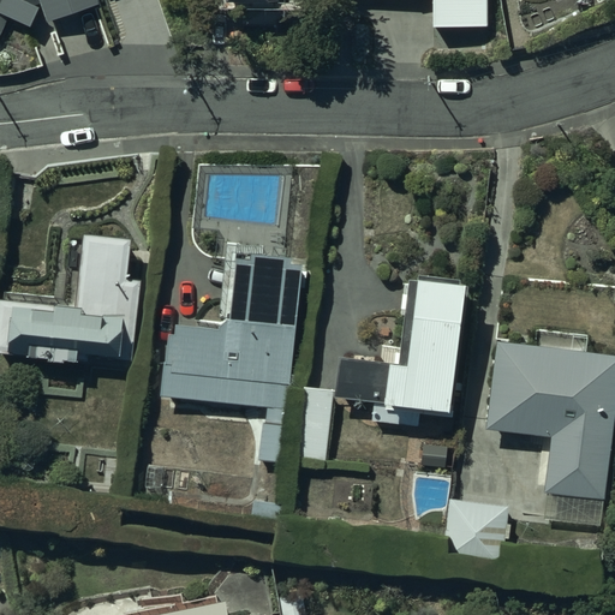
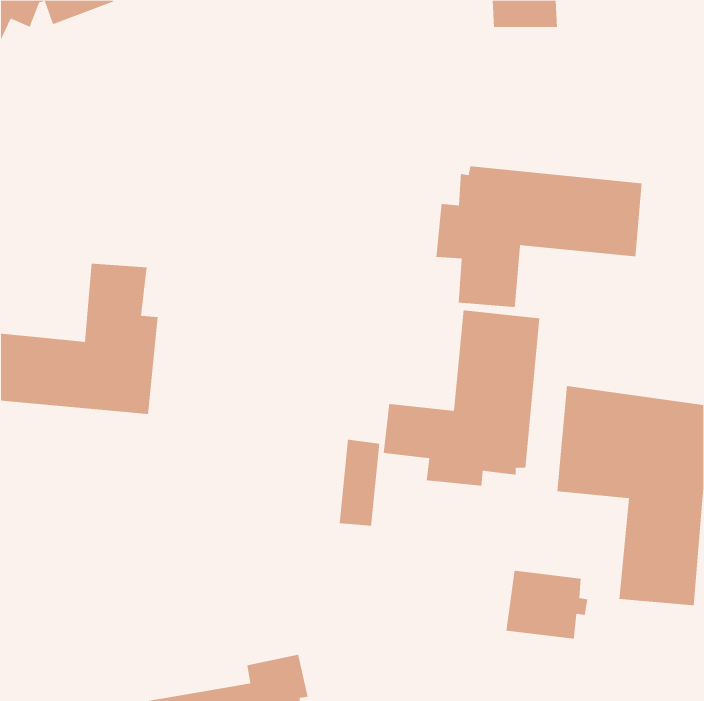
building: none -> [436,165,642,308]
building: [159,252,308,466] -> none

